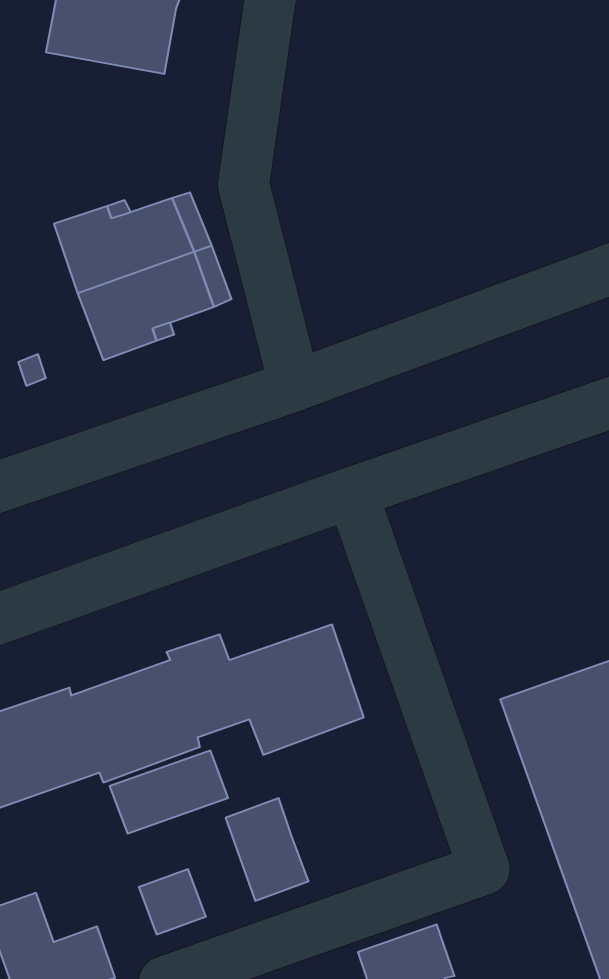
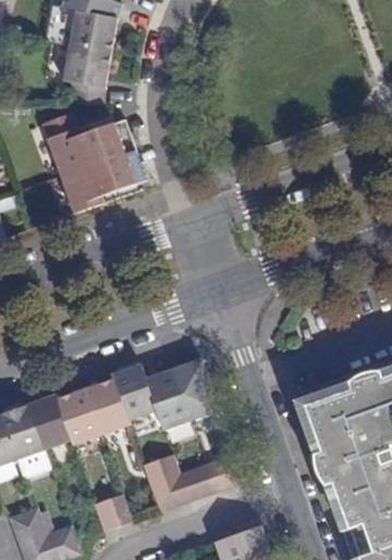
building: none -> [61,45,109,102]
building: [110,751,228,833] -> [180,454,245,500]

